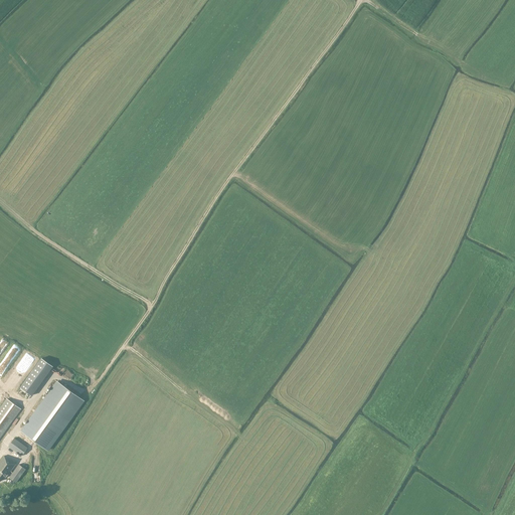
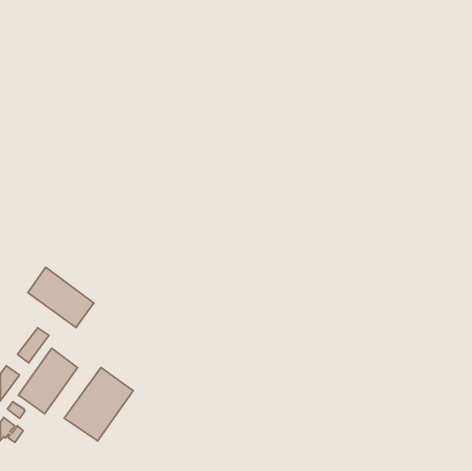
building: none -> [28,267,94,328]
building: none -> [64,368,133,441]

